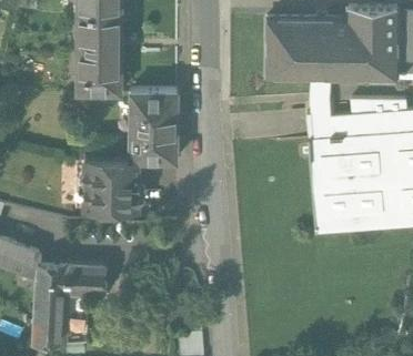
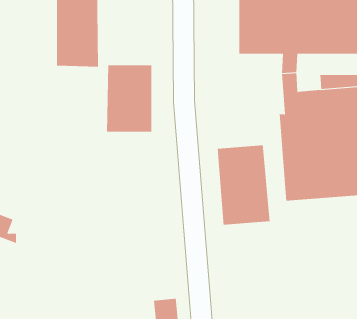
building: [75,161,138,208] -> none
building: none -> [217,145,270,226]
building: [32,266,102,344] -> none

